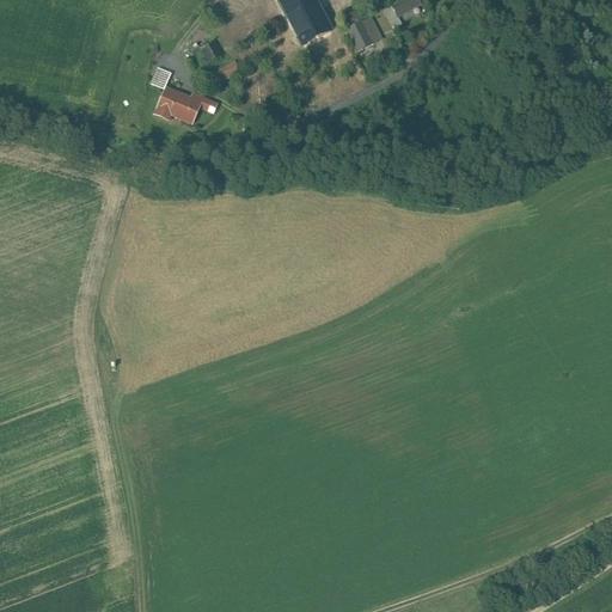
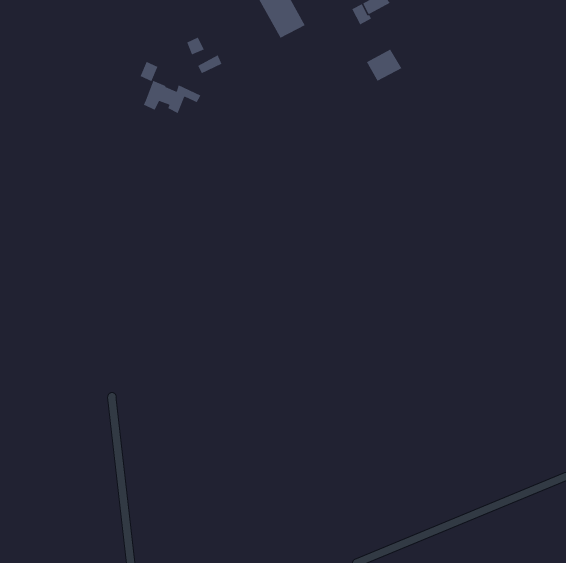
building: [344,14,384,50] -> [366,49,403,82]

